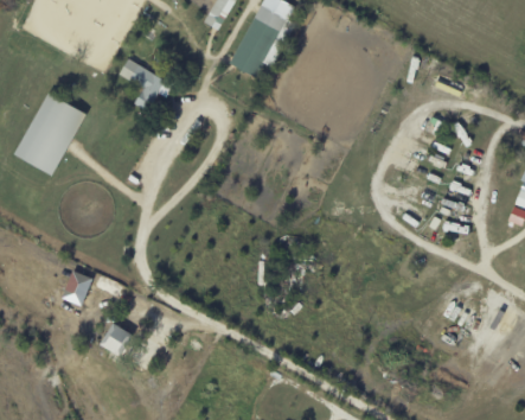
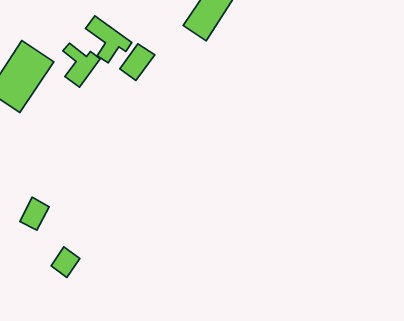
building: none -> [120,44,155,81]
building: none -> [63,43,100,87]

